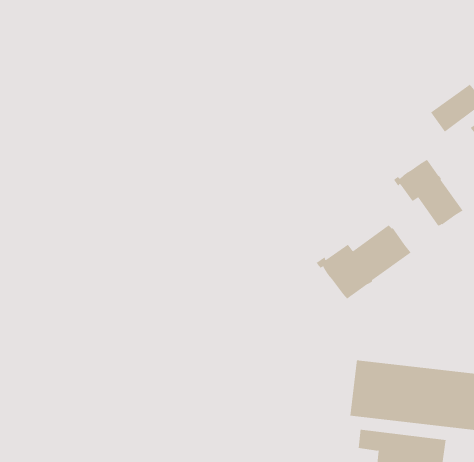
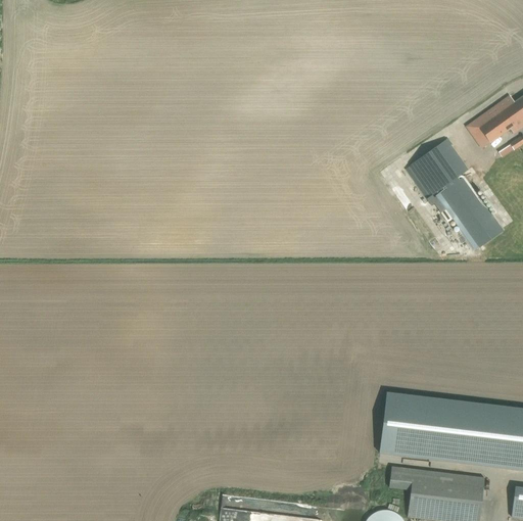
building: none -> [406,140,468,199]
building: [316,224,412,300] -> none

